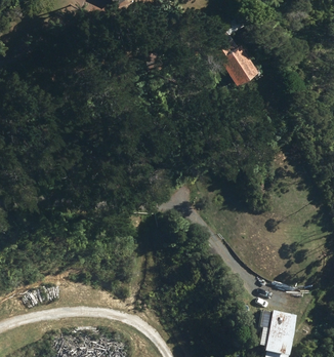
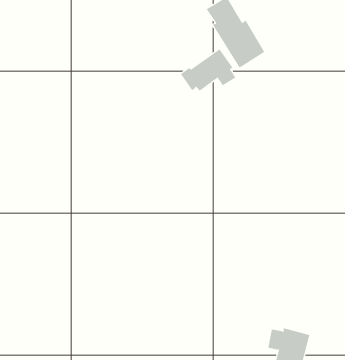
building: none -> [180,49,236,92]

